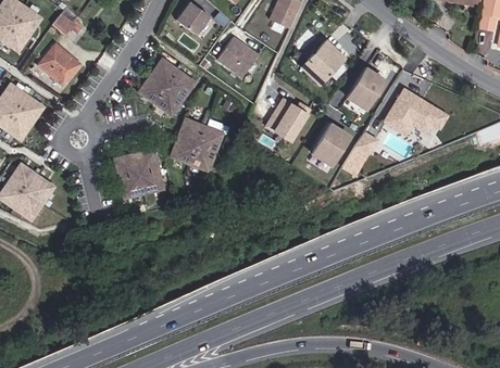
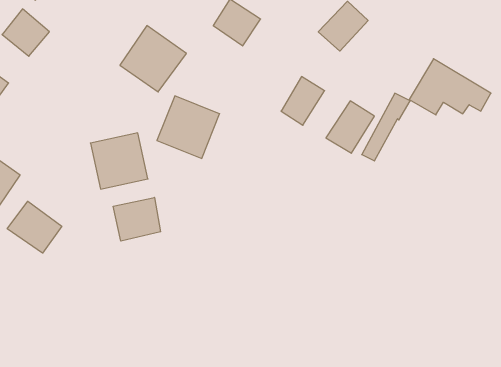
building: [348,65,389,111] -> none
building: none -> [113,197,161,241]
building: none -> [7,201,62,253]

